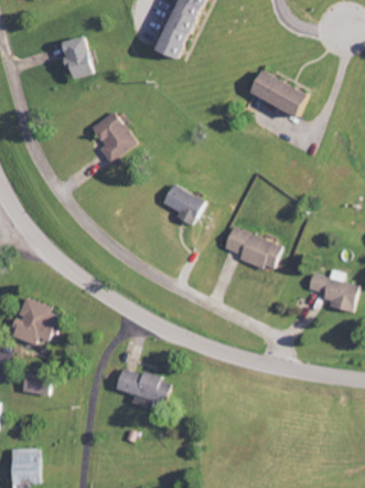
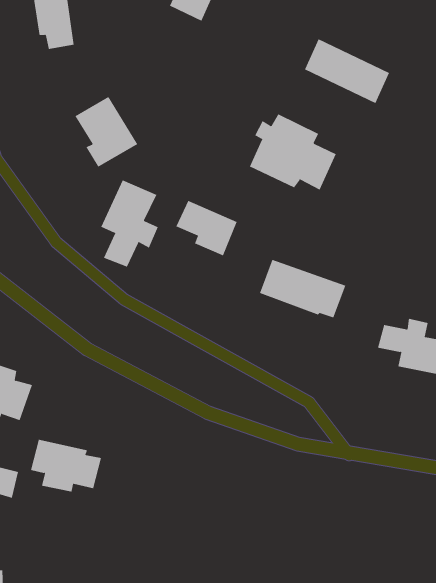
building: none -> [249,114,337,191]
building: none -> [101,179,159,268]
building: [121,370,172,407] -> [30,439,102,492]

